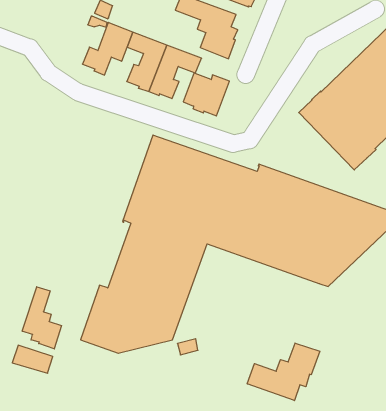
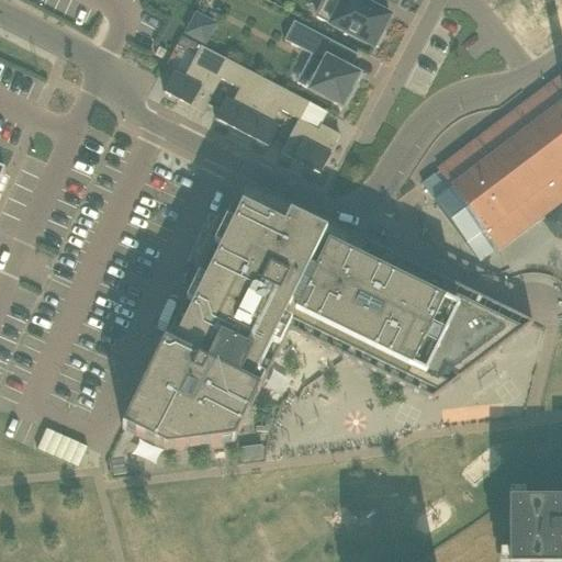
building: [22,287,62,349] -> none
building: [247,343,320,401] -> none

